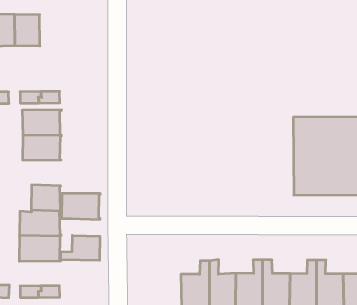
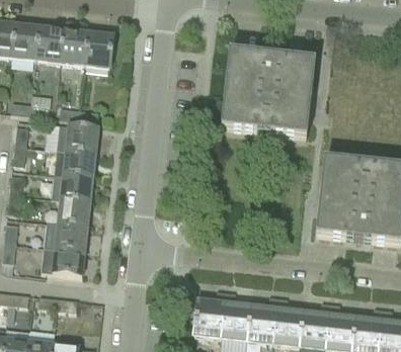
building: none -> [85,34,113,68]
building: none -> [222,55,315,140]
building: [61,193,100,219] -> [53,174,93,203]
building: [61,235,100,260] -> none

